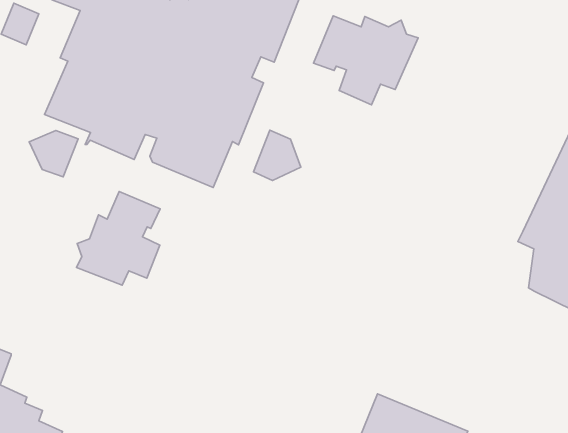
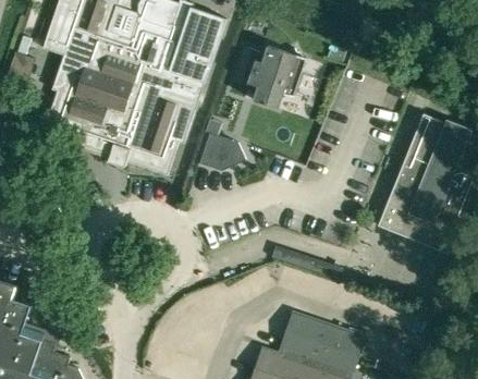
building: [29,131,78,177] -> none
building: [76,192,160,285] -> none

